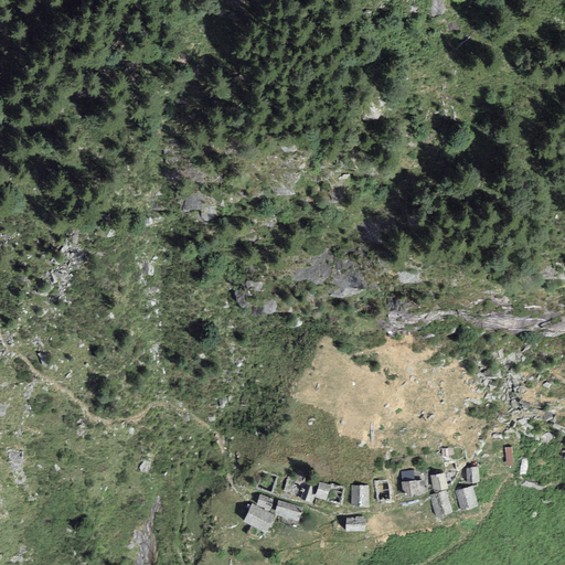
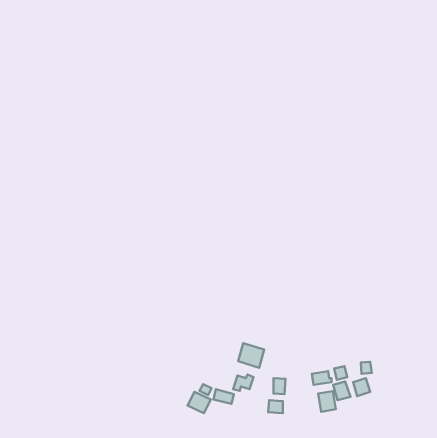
building: none -> [238,343,264,368]
building: none -> [318,391,336,412]

